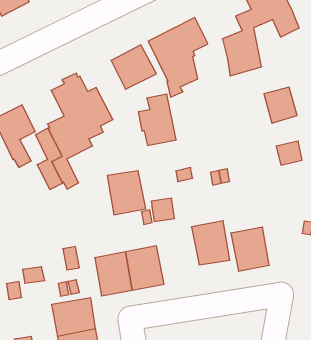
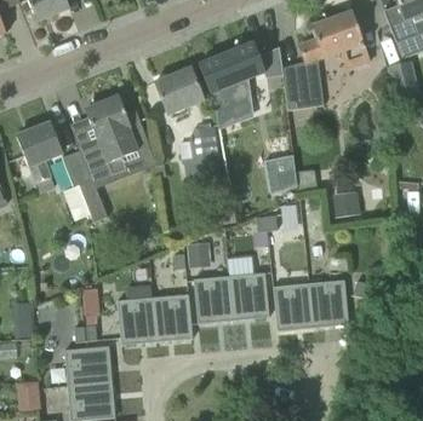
building: [264,87,297,123] -> [264,154,299,192]
building: [107,171,146,215] -> [194,275,234,322]
building: none -> [309,278,349,325]

